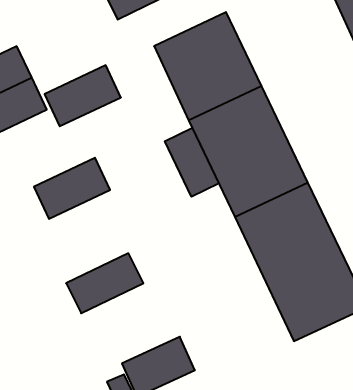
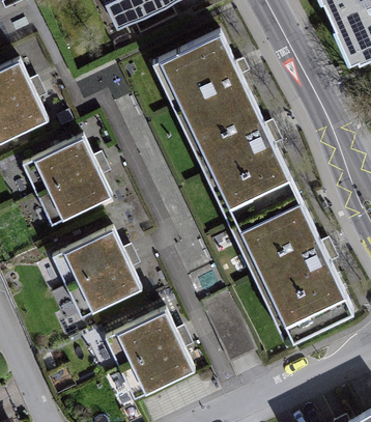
building: [45,65,121,126] -> [22,135,95,194]
building: [165,128,219,197] -> none
building: none -> [54,229,127,287]
building: none -> [108,309,177,365]

